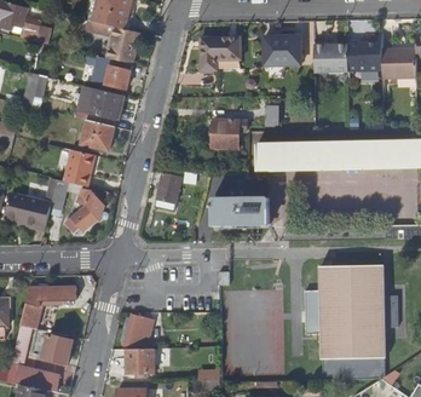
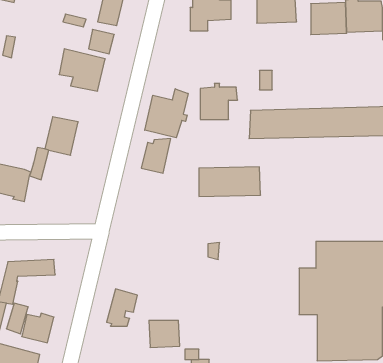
building: [83,121,117,153] -> none
building: none -> [145,89,188,138]
building: [63,189,103,237] -> none
building: [125,347,154,373] -> [149,320,180,347]

